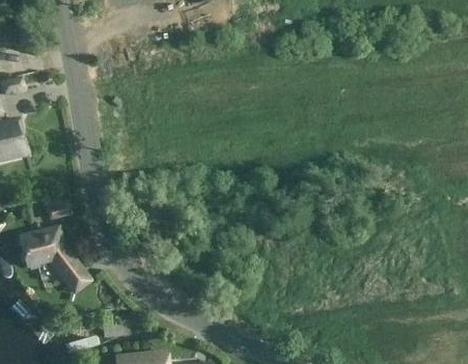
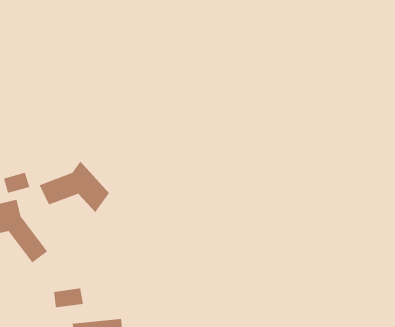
building: none -> [38,161,110,213]

